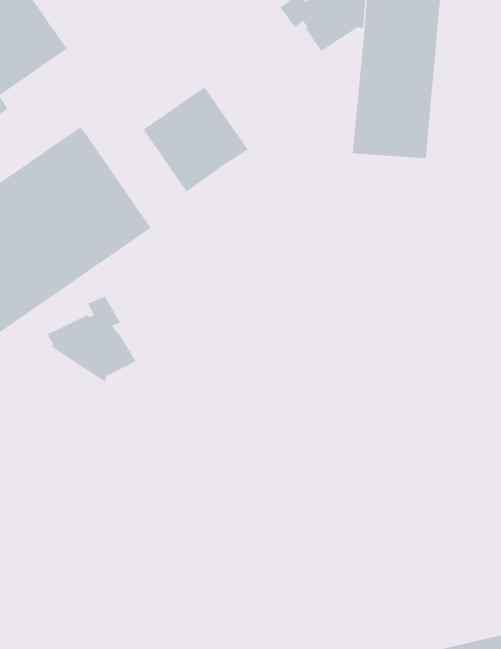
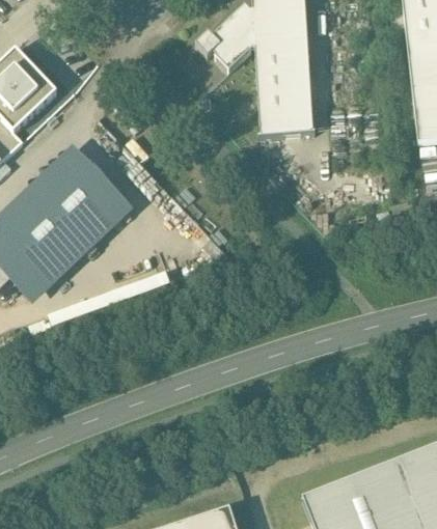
building: [143,86,248,193] -> none
building: [47,296,137,383] -> none

